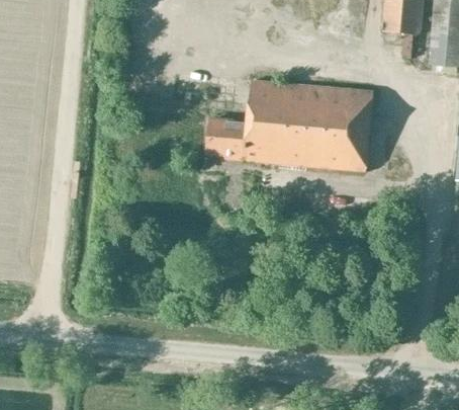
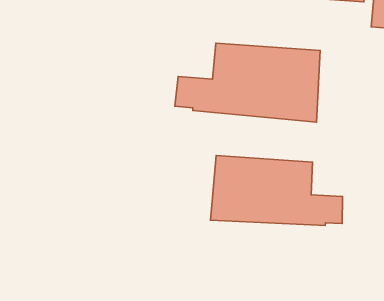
building: none -> [211,156,343,225]

